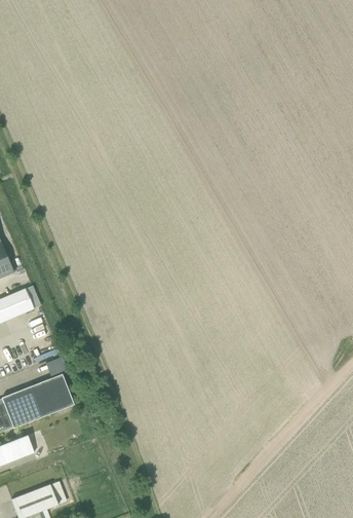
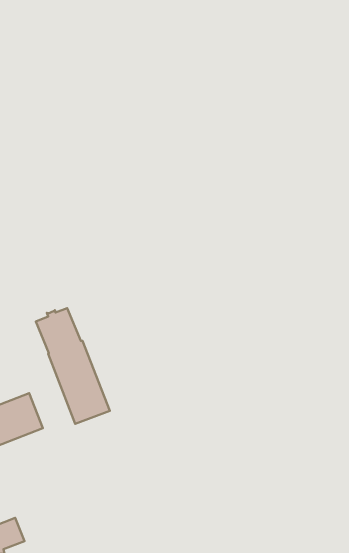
building: none -> [36,308,110,424]

